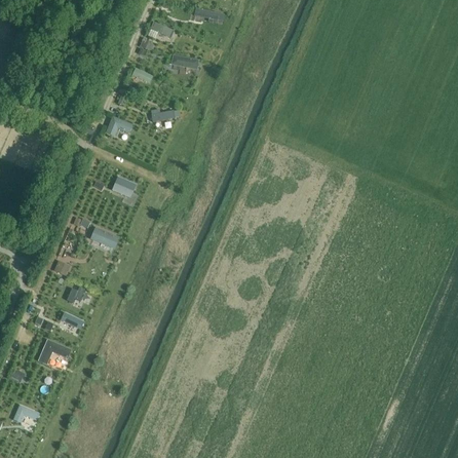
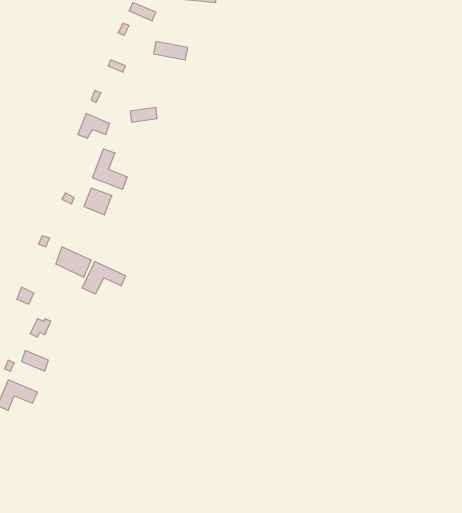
building: none -> [93,149,127,189]
building: none -> [82,261,126,294]

